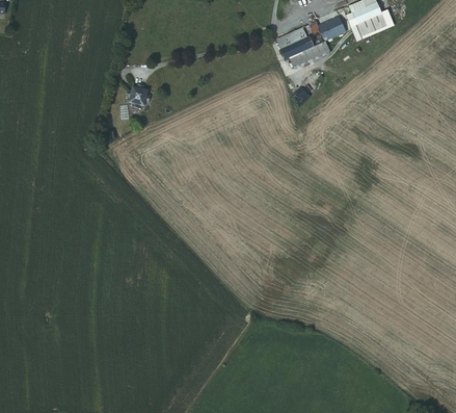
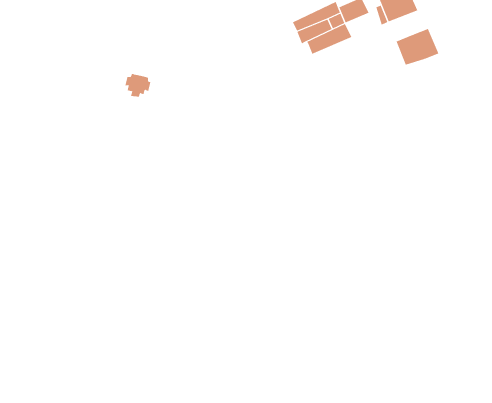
building: none -> [396,28,439,66]

